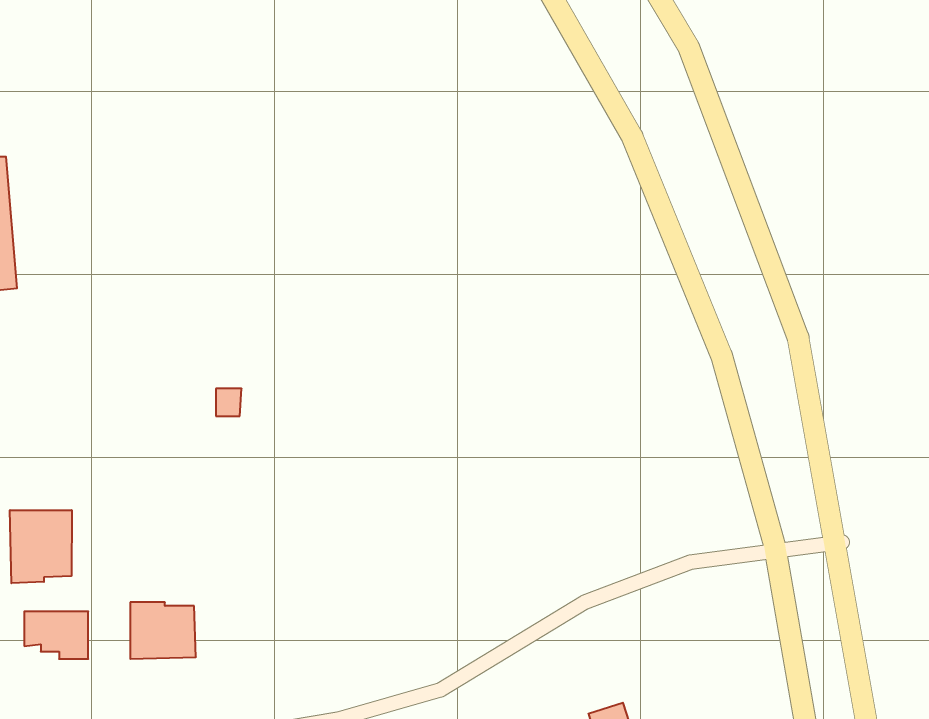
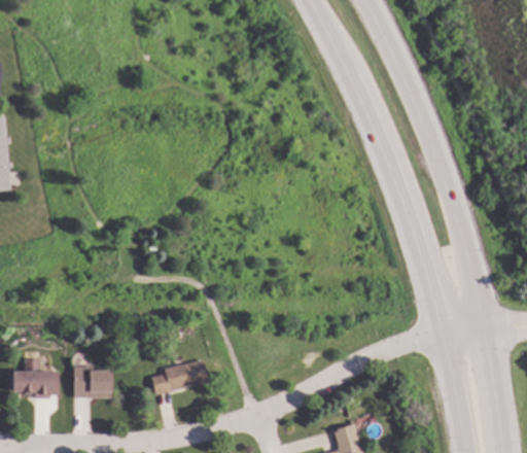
building: [10,510,72,583] -> none
building: none -> [151,359,208,395]

